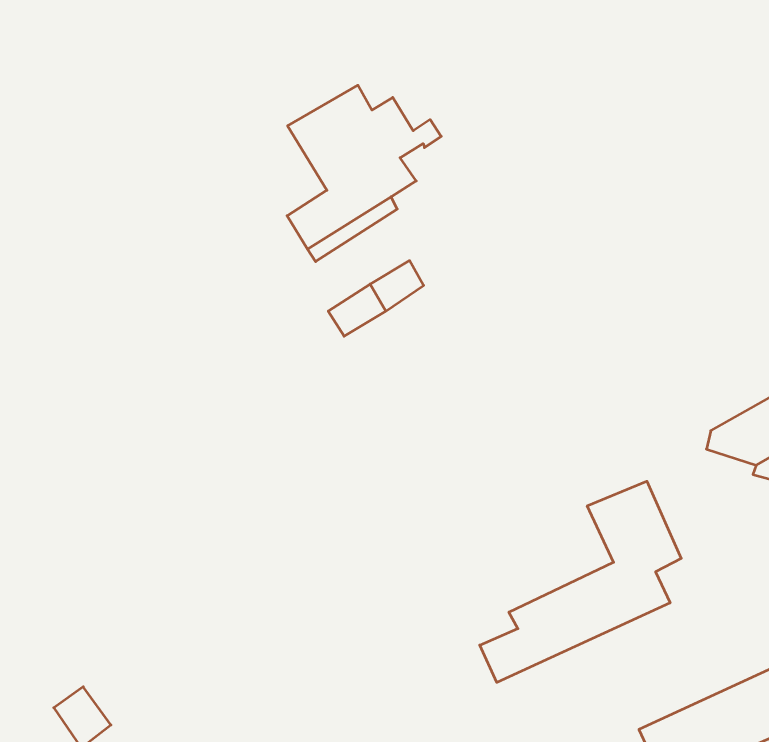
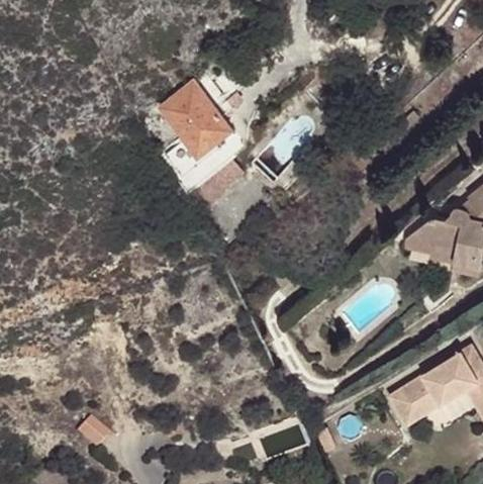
building: [480,481,681,682] -> none

